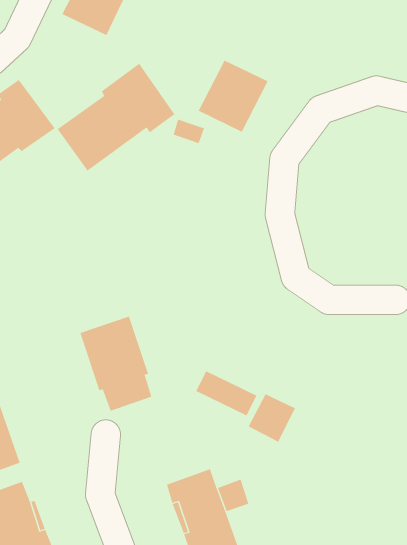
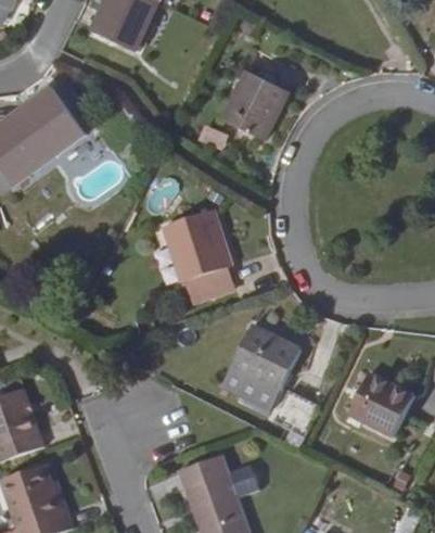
building: [57,63,175,171] -> none
building: [79,316,152,412] -> [158,208,228,300]
building: none -> [225,323,294,389]
building: none -> [344,370,410,434]

